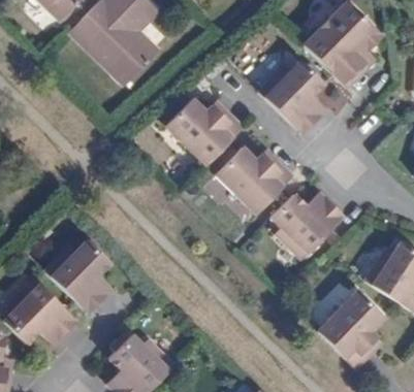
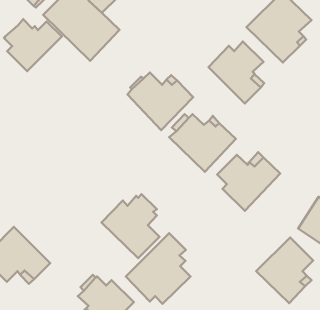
building: none -> [4,19,62,71]
building: [45,237,113,312] -> [102,194,159,258]
building: none -> [126,233,190,304]

